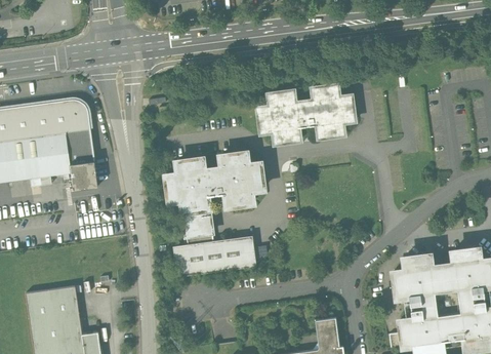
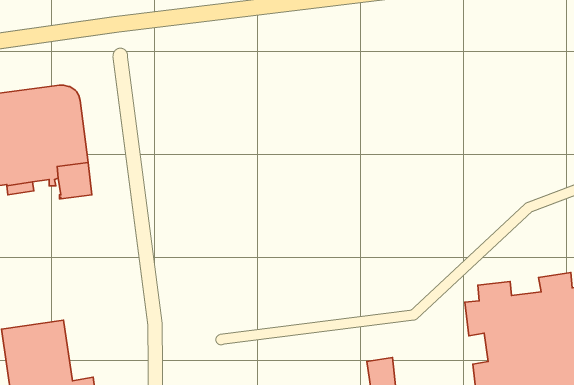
building: [259,85,354,143] -> none
building: [167,154,261,275] -> none

